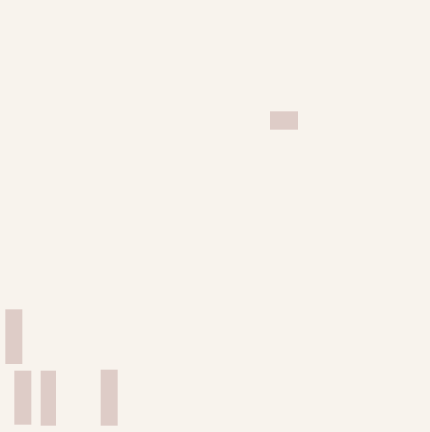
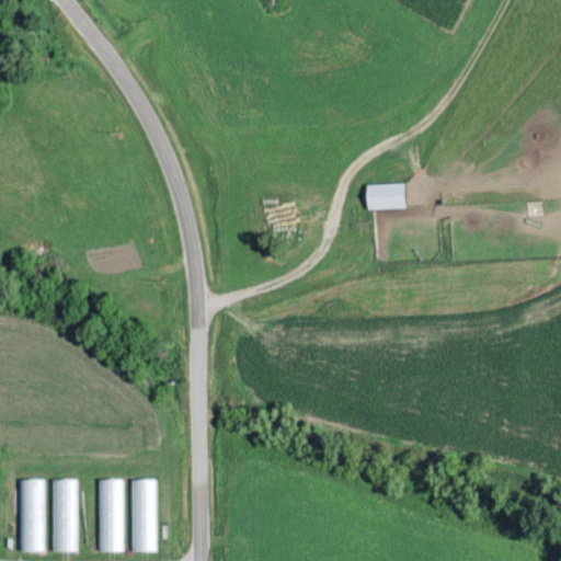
building: [269,111,299,130] -> [368,184,407,209]
building: [4,309,23,365] -> [100,480,124,552]

